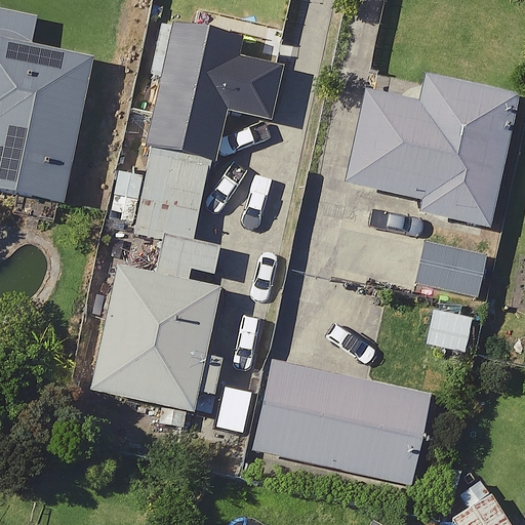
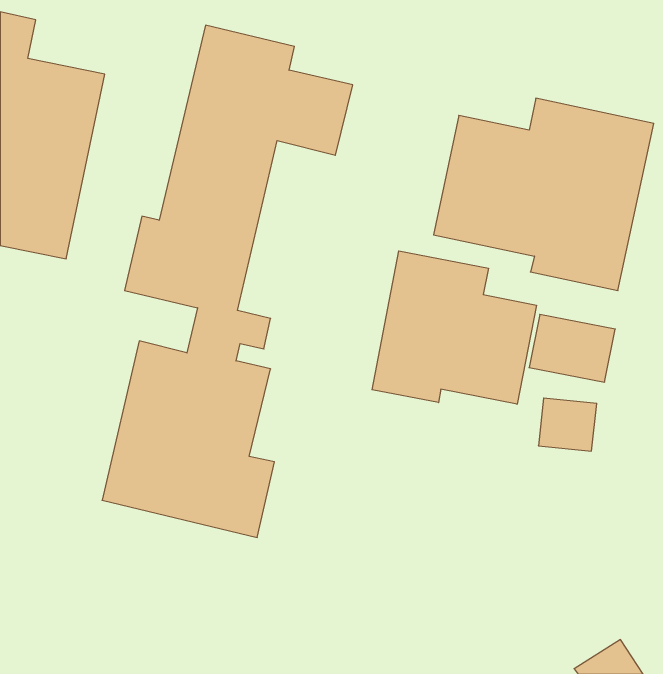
building: none -> [372,251,536,404]
building: [255,360,430,483] -> none

